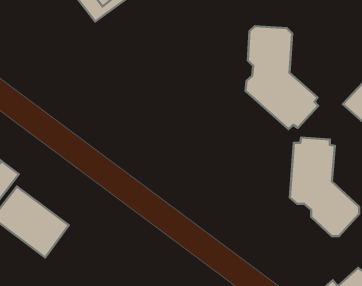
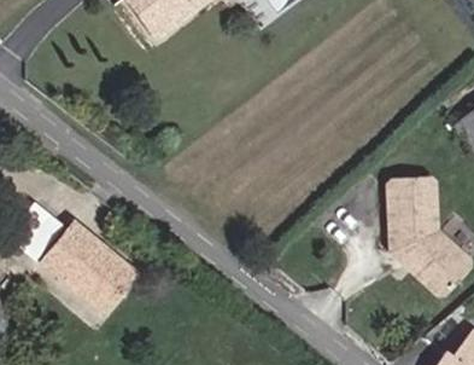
building: [245,26,318,129] -> none

